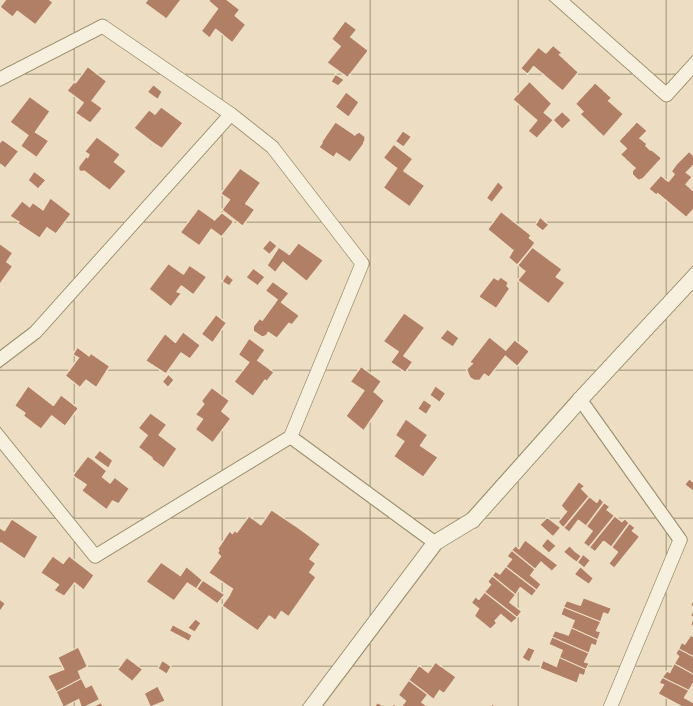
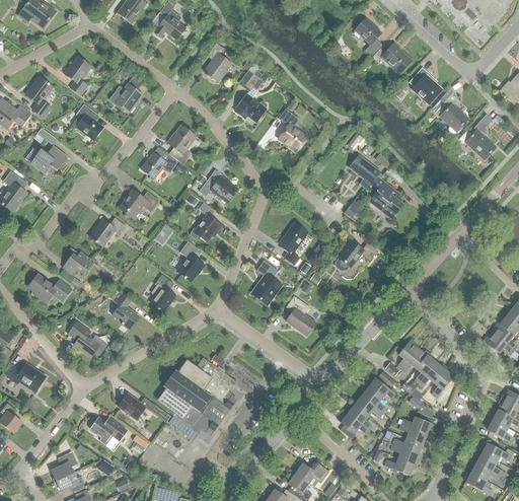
building: [327,21,369,78] -> [204,43,232,81]
building: [513,81,553,138] -> [355,17,382,56]
building: [145,332,201,374] -> [89,217,127,245]
building: [41,556,94,596] -> [90,417,127,444]

